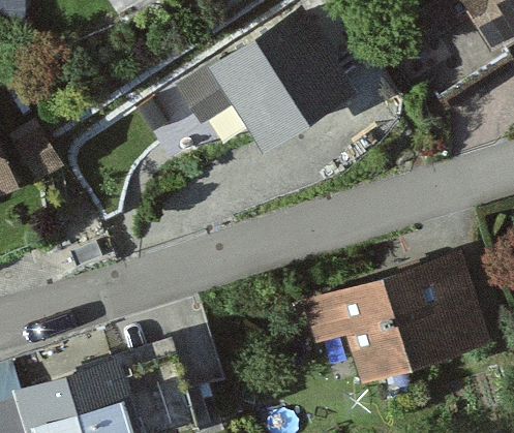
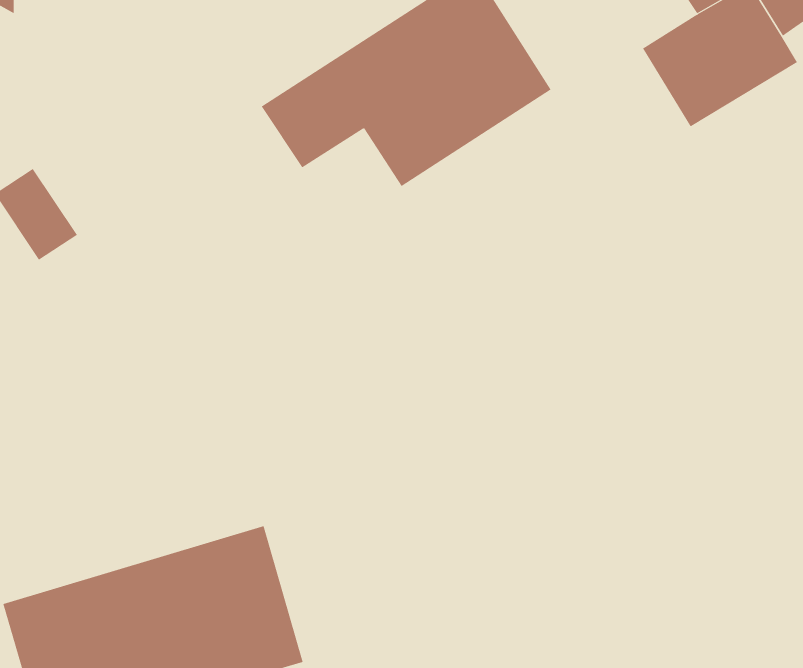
building: [305,256,487,377] -> none

